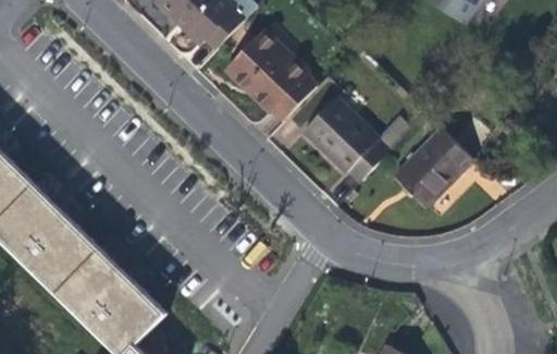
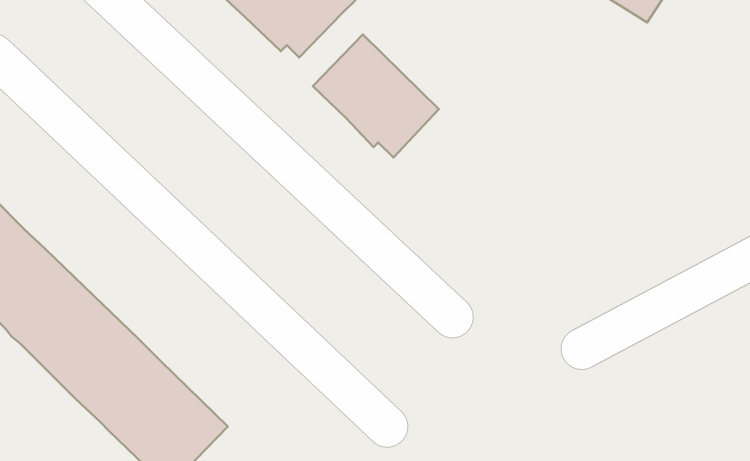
building: [301,98,400,183] -> none
building: [403,130,465,192] -> none

